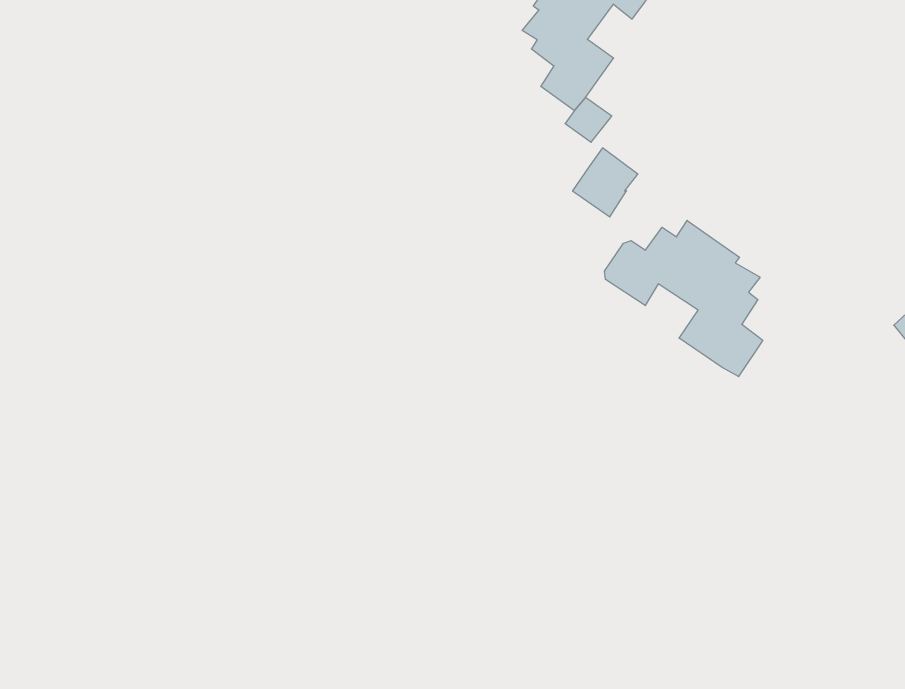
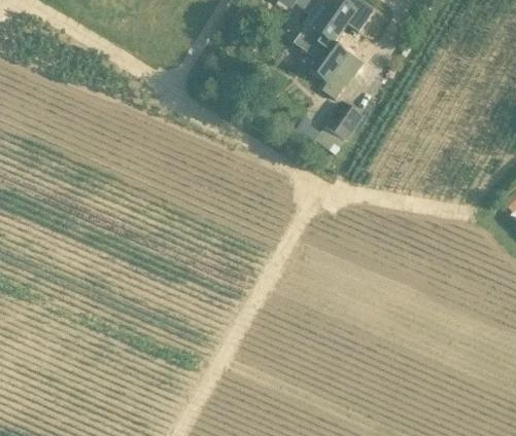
building: [605,220,763,377] -> none

